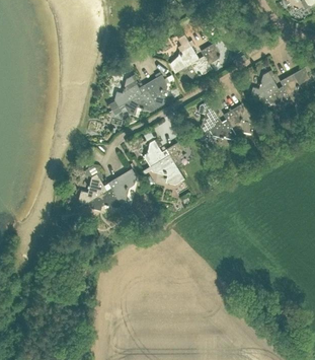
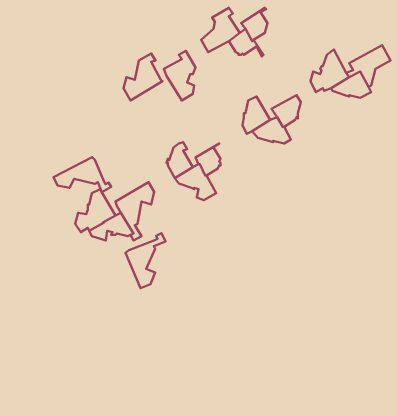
building: [119,90,156,115] -> none
building: none -> [54,157,111,192]
building: none -> [125,233,166,288]

